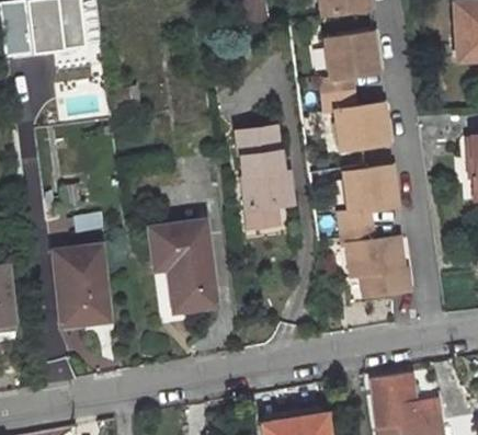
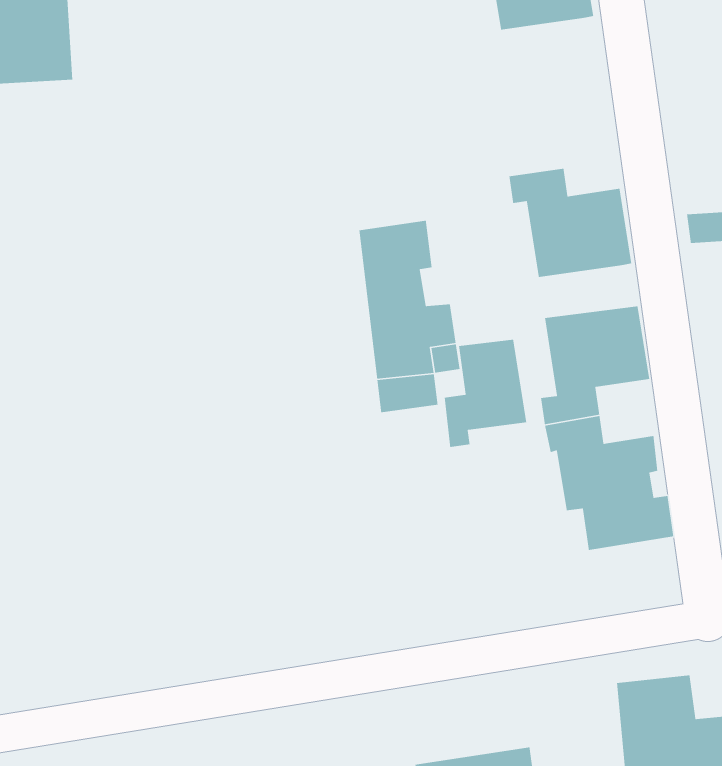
building: [318,33,378,98] -> none
building: none -> [444,339,527,448]
building: [149,221,216,310] -> none
building: [54,247,110,327] -> none

